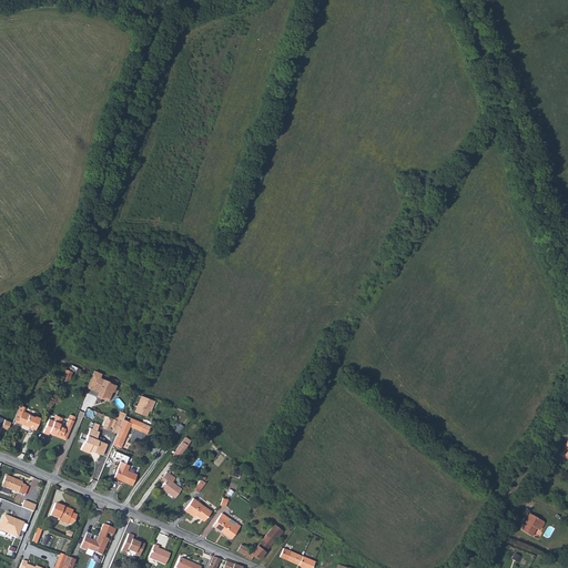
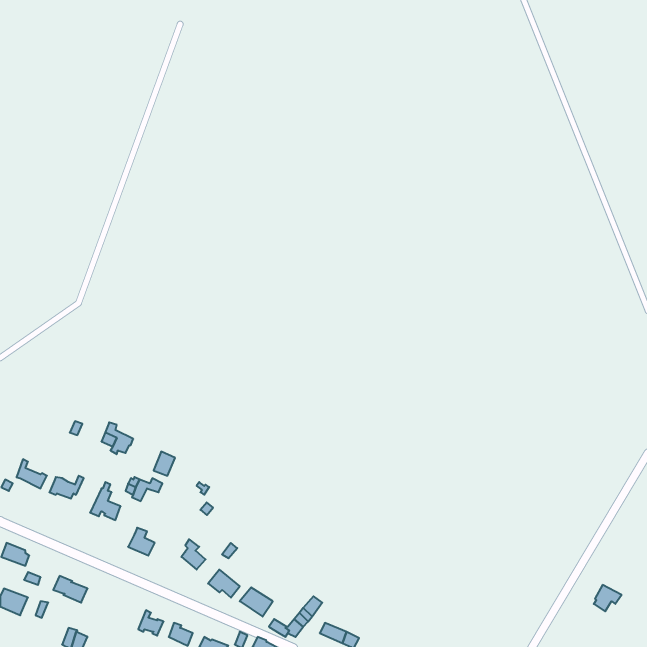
building: [80,525,115,557] -> none

